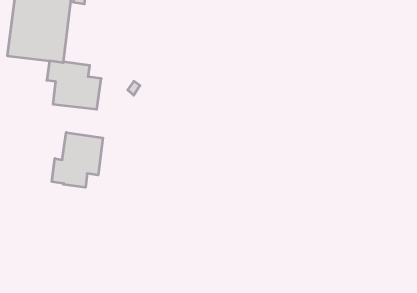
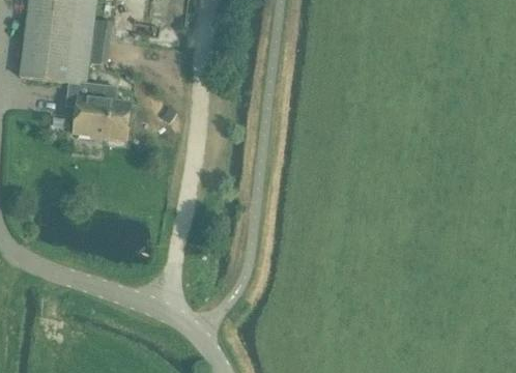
building: [52,132,103,187] -> none

